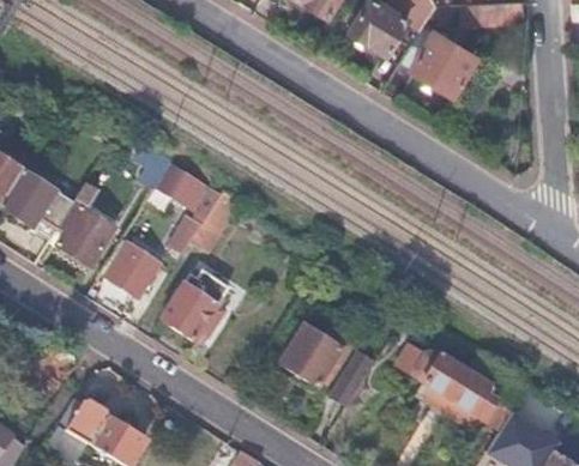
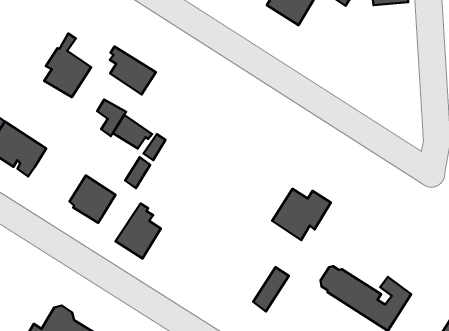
building: [386,25,477,99] -> none
building: none -> [110,47,156,94]
building: [59,187,117,266] -> [44,34,91,97]
building: [283,325,356,388] -> [272,189,331,240]

